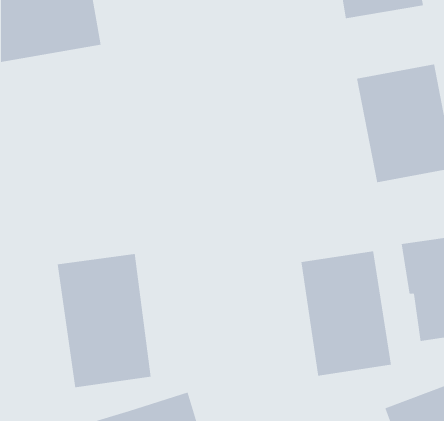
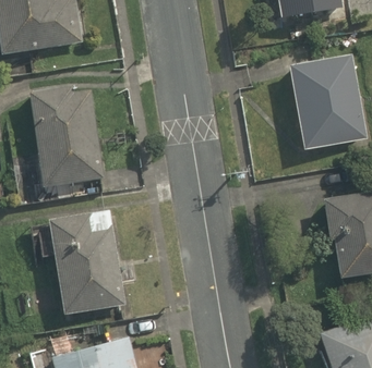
building: none -> [27,86,105,188]
building: [301,251,392,377] -> none

